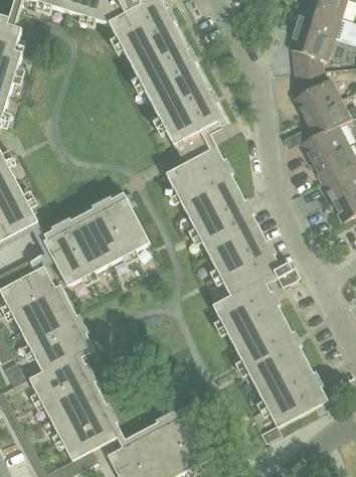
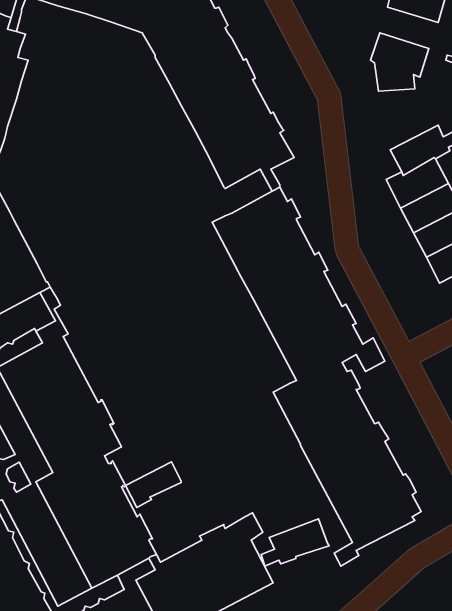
building: [295,7,340,39] -> none
building: [293,70,340,118] -> none
building: [42,191,149,287] -> none
building: none -> [125,462,181,507]
building: none -> [261,519,329,566]

